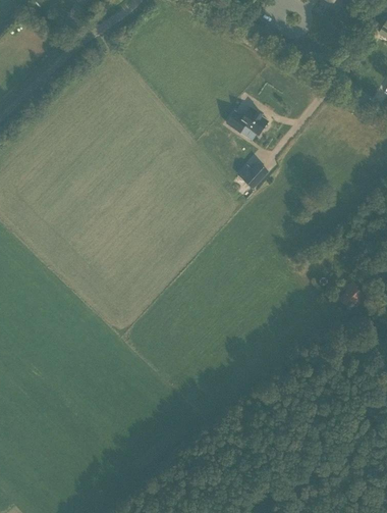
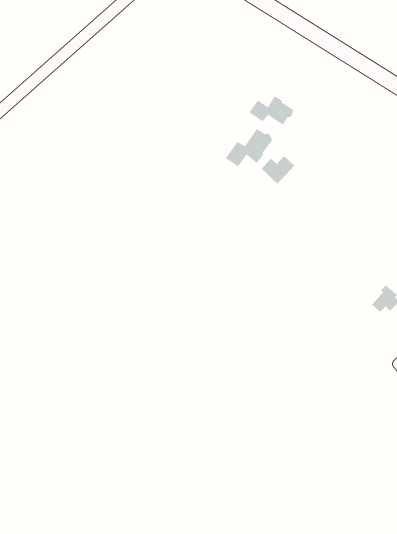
building: none -> [225,128,273,167]

